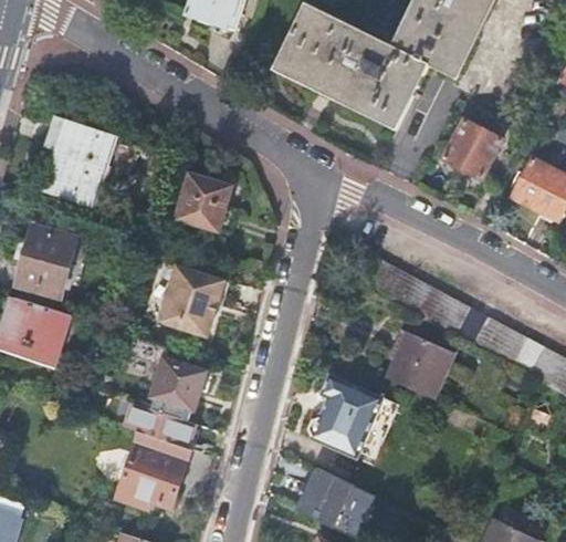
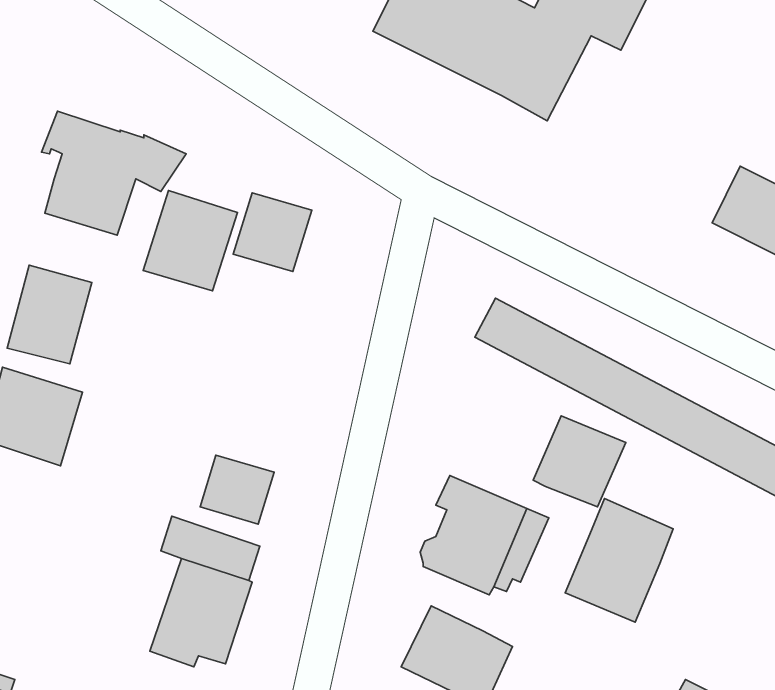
building: [442,118,501,177] -> none
building: [158,265,224,336] -> [143,190,238,291]
building: none -> [565,498,673,622]

